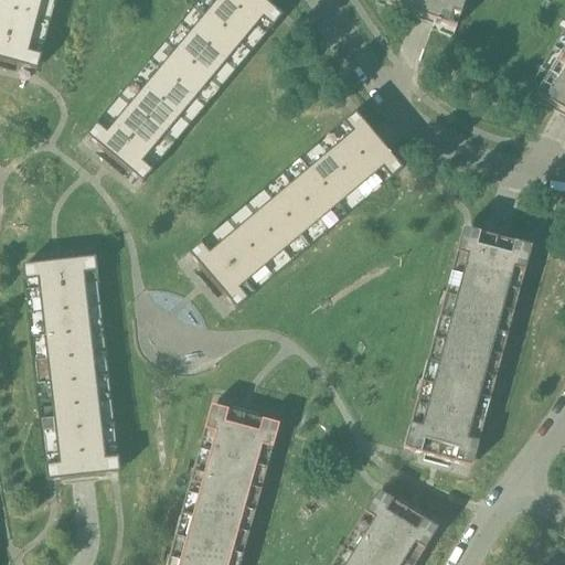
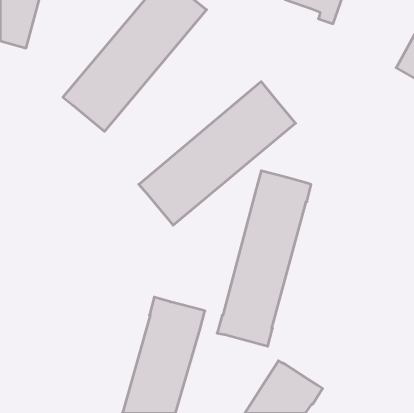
building: [406,225,533,462] -> [217,171,311,346]
building: [25,255,121,477] -> none

